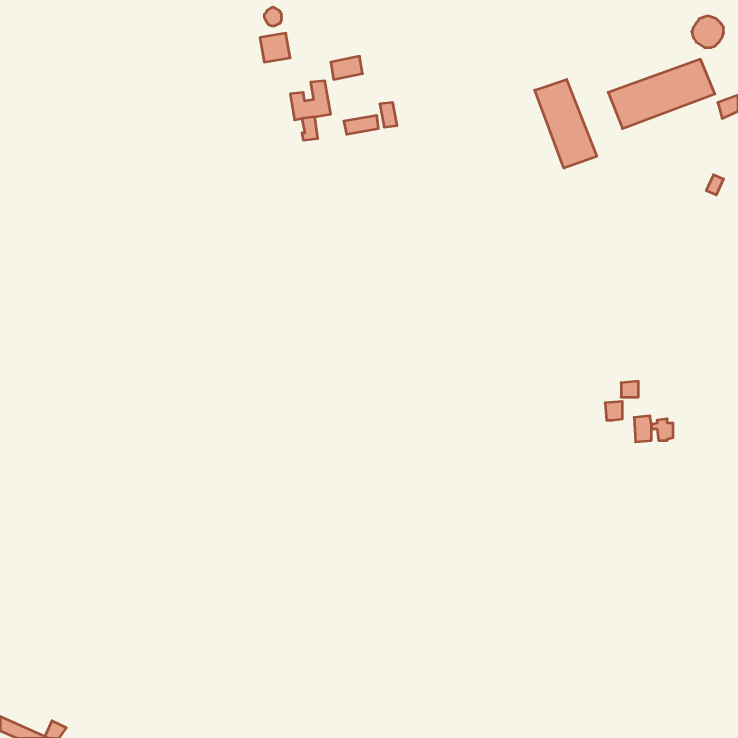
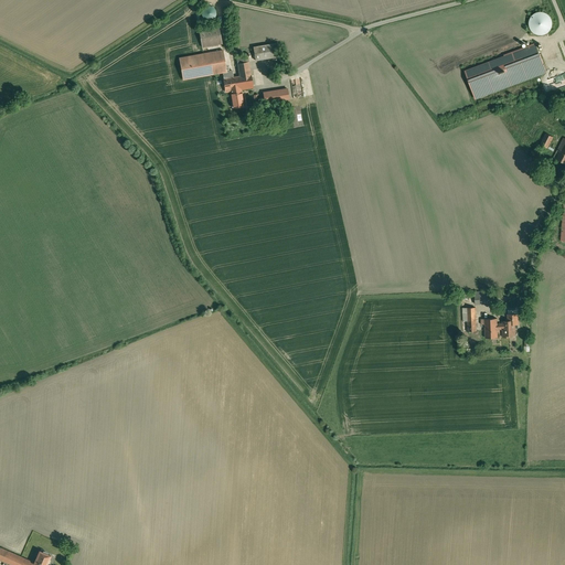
building: none -> [179,50,226,78]
building: [535,79,597,168] -> none

